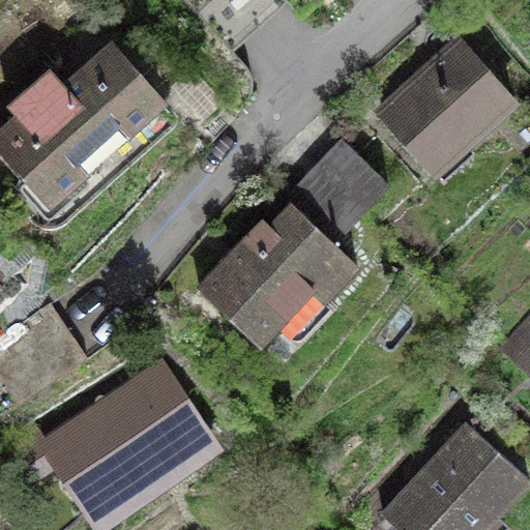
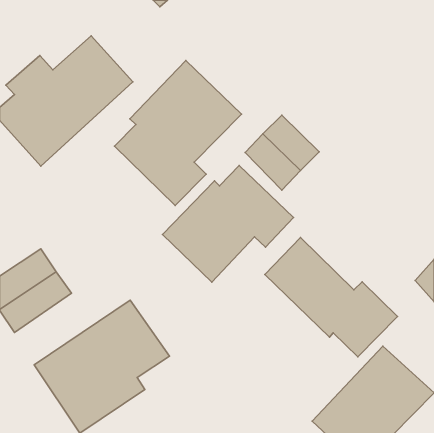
building: [381,43,510,171] -> none
building: none -> [115,61,241,206]
building: none -> [265,237,397,357]

